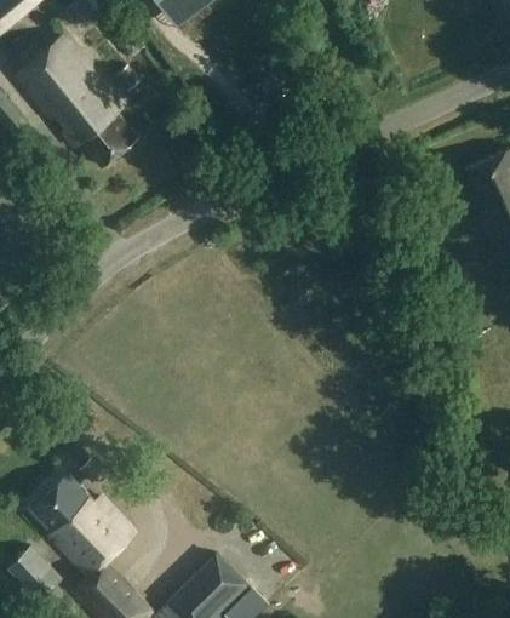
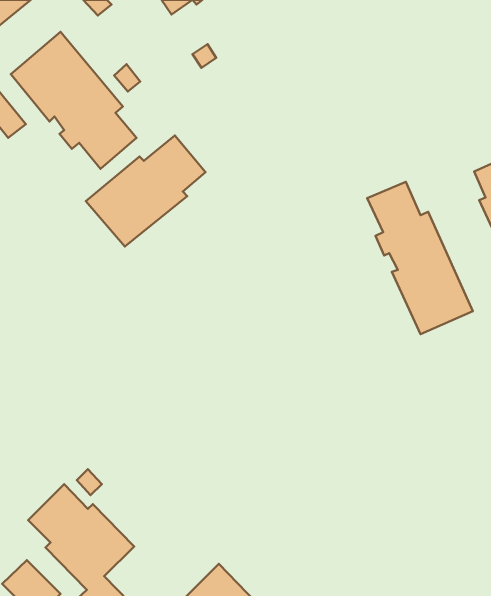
building: none -> [86,136,205,247]
building: none -> [367,182,473,334]

